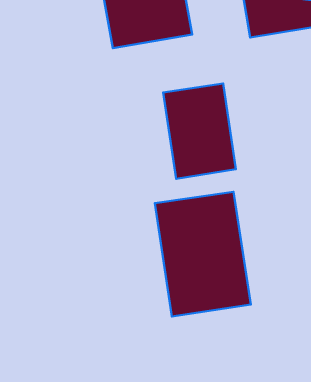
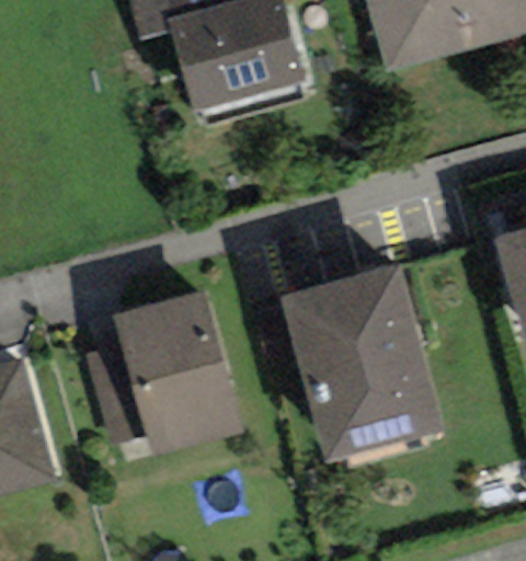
building: [163,84,236,179] -> none
building: none -> [111,301,227,444]

